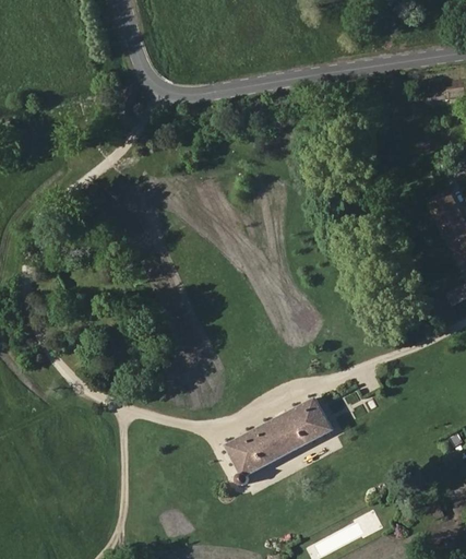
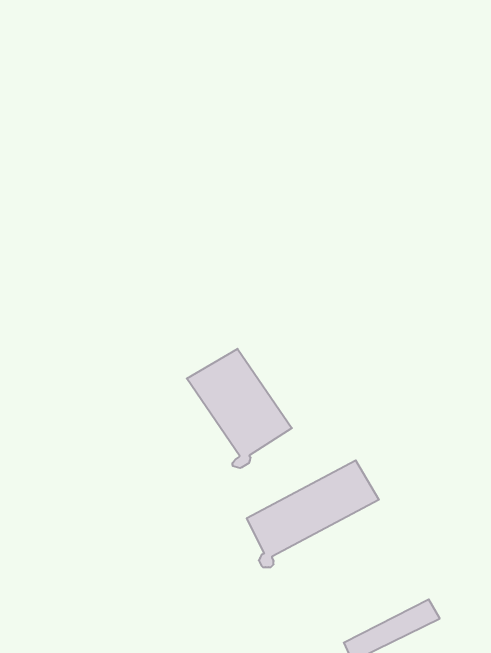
building: none -> [187,349,292,468]

